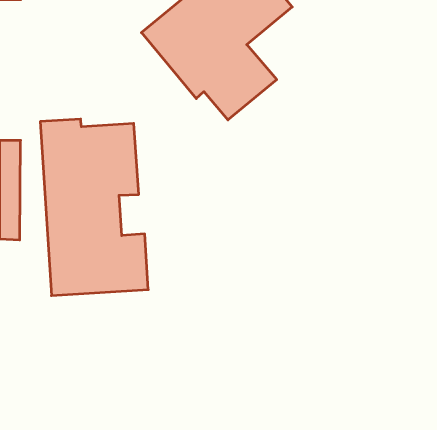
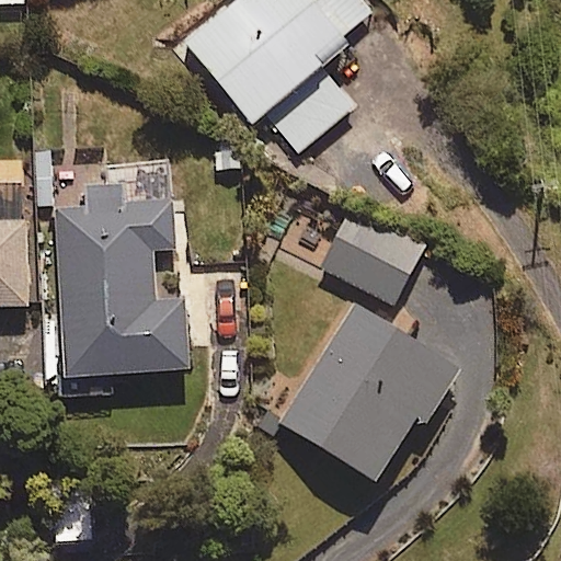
building: none -> [331,211,424,298]
building: none -> [279,302,460,483]

